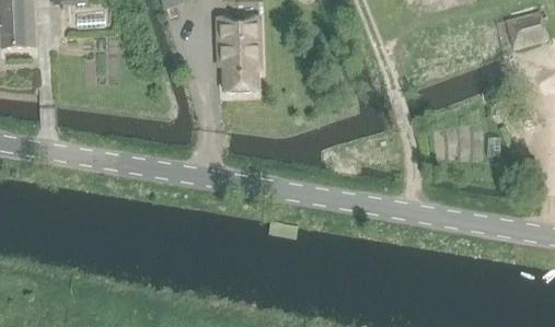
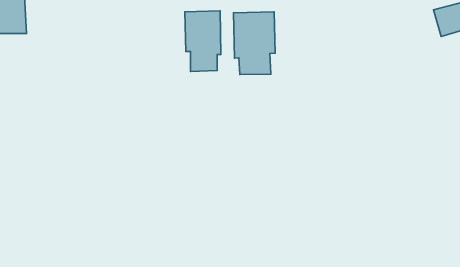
building: none -> [233,12,275,75]

